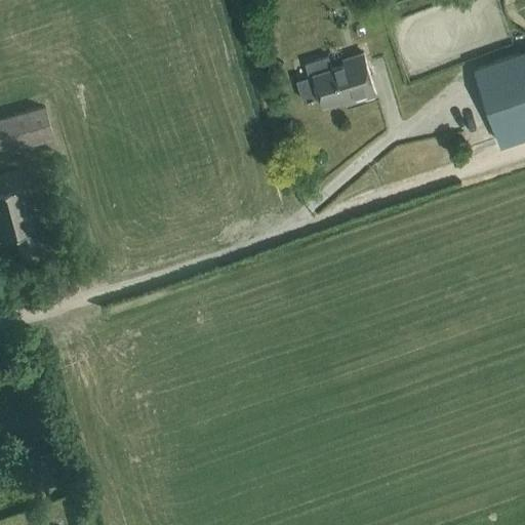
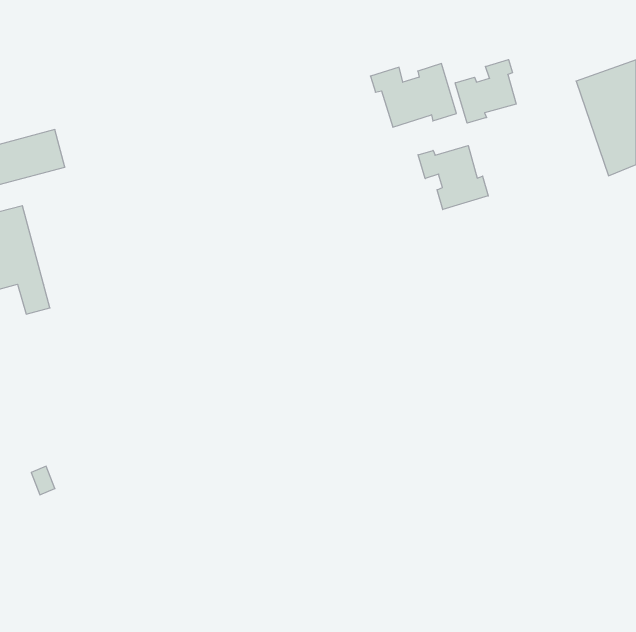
building: none -> [455,60,516,123]
building: none -> [418,146,488,210]

